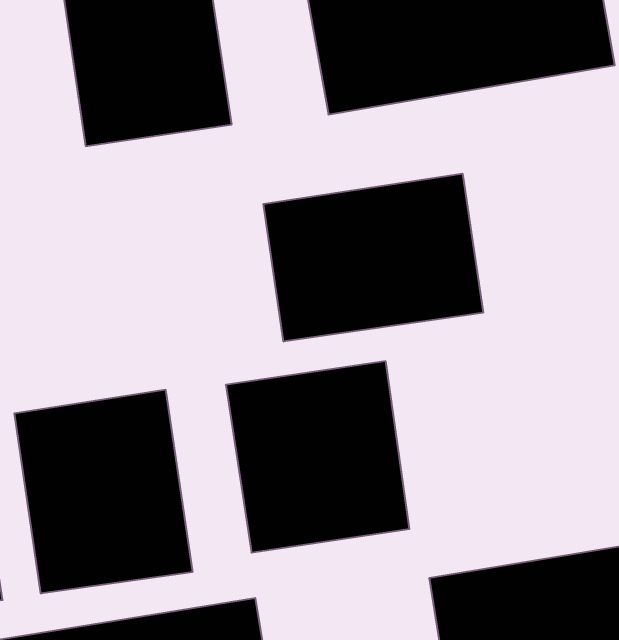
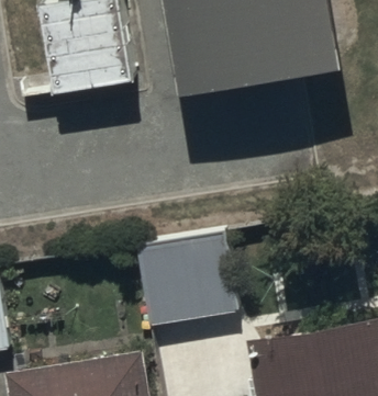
building: [263,174,483,342] -> none
building: [14,390,192,594] -> none

